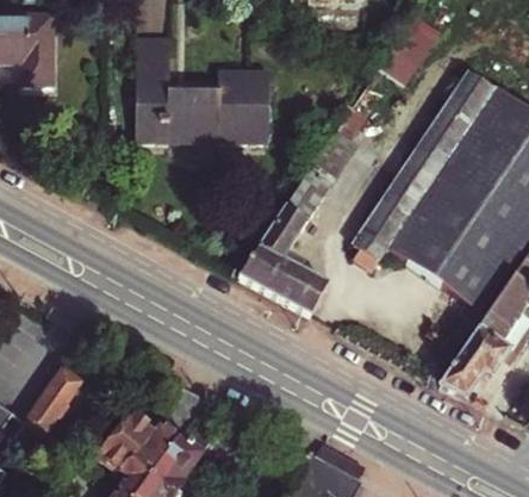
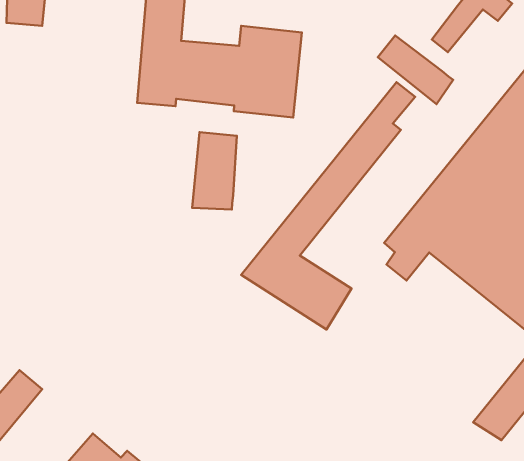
building: none -> [378,35,453,104]
building: none -> [192,132,237,209]

